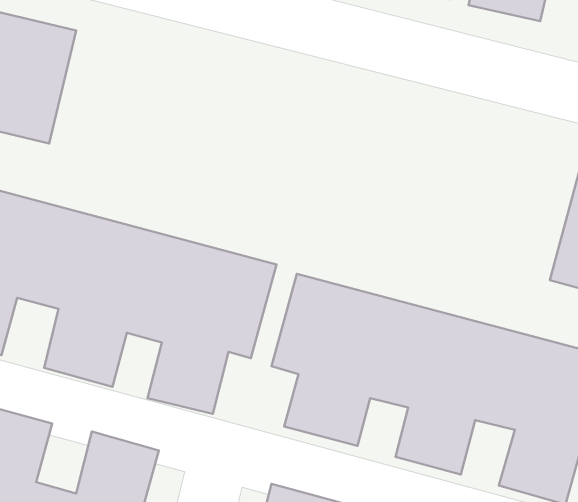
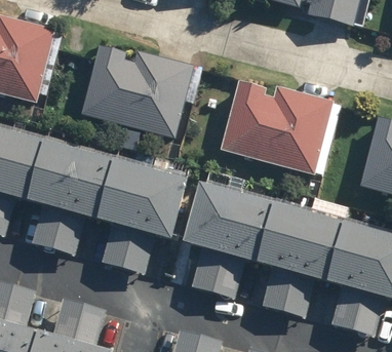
building: none -> [81,45,192,139]
building: none -> [218,77,334,173]

